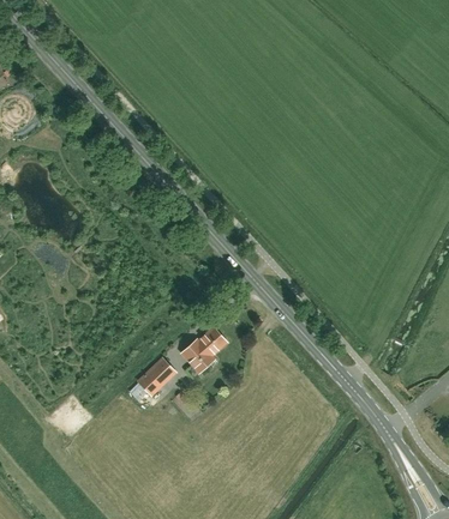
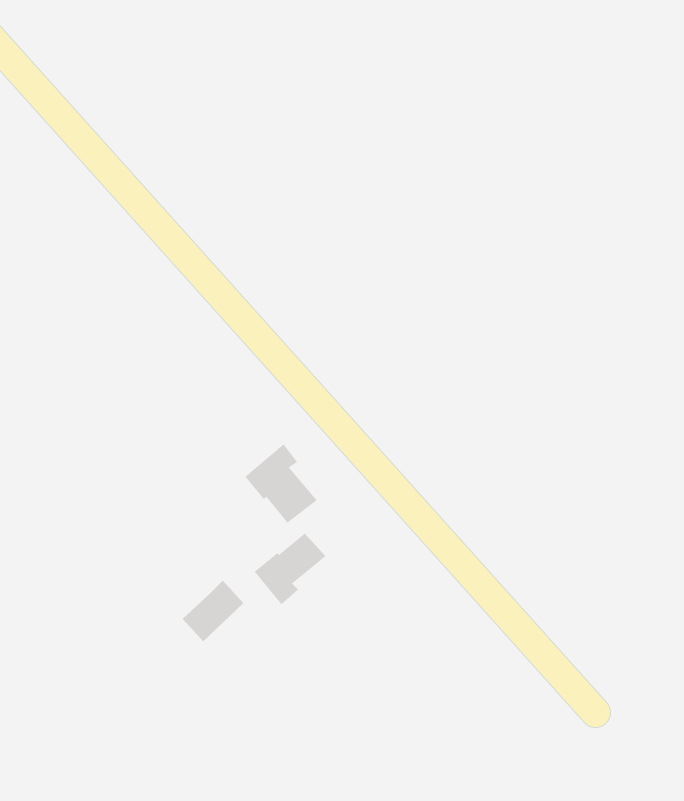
building: none -> [244,444,317,523]

